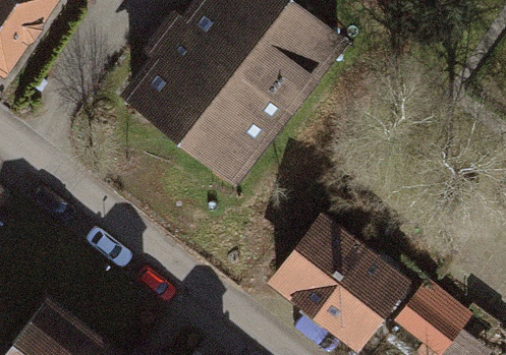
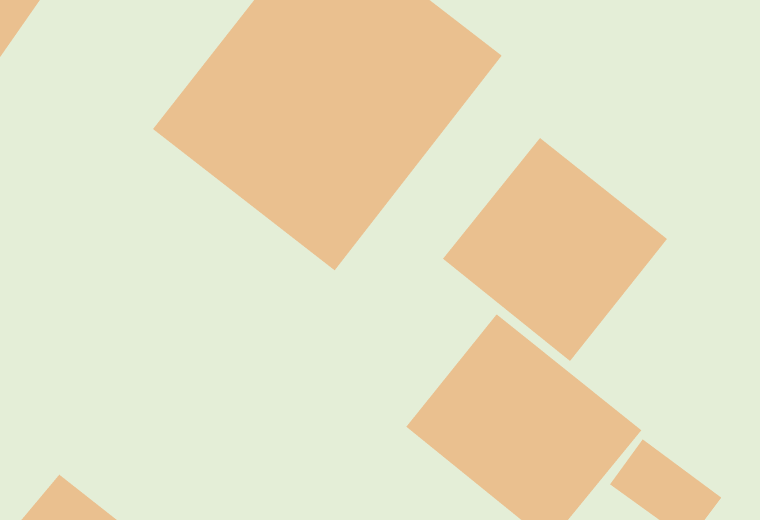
building: none -> [442,137,668,362]

